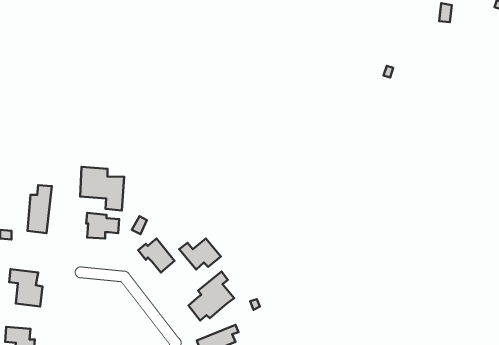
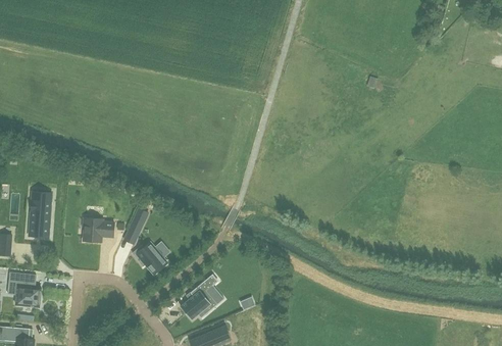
building: [80,167,124,210] -> none
building: [179,239,221,270] -> none

